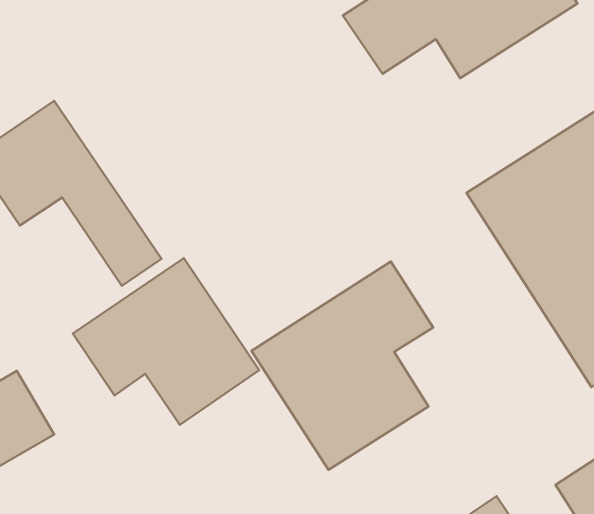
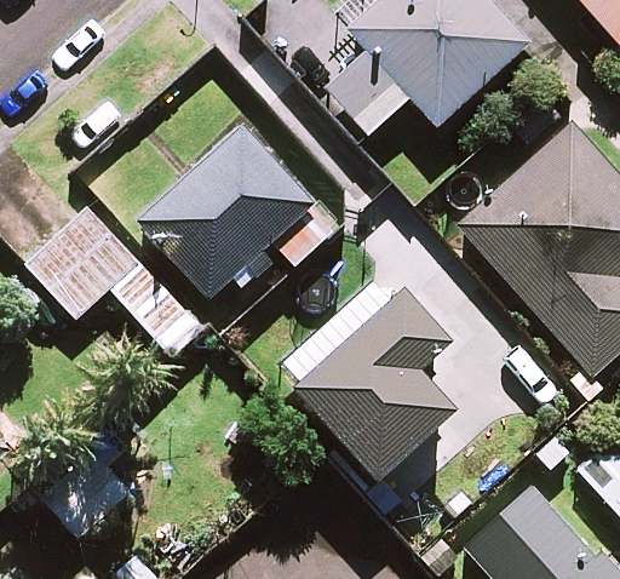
building: none -> [138,124,316,298]
building: [73,258,259,425] -> none

